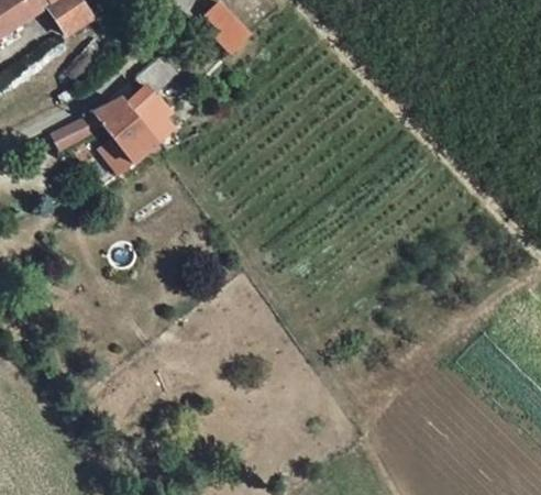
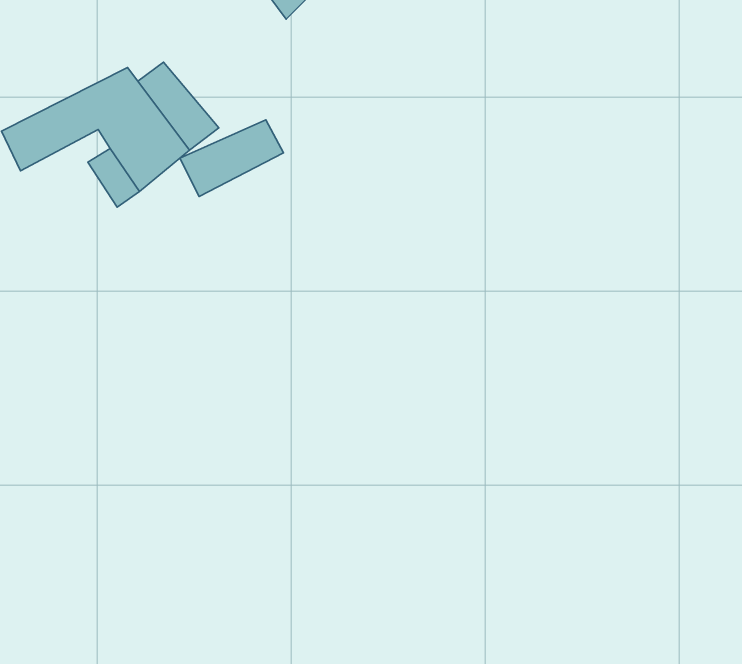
building: none -> [180,120,283,197]

